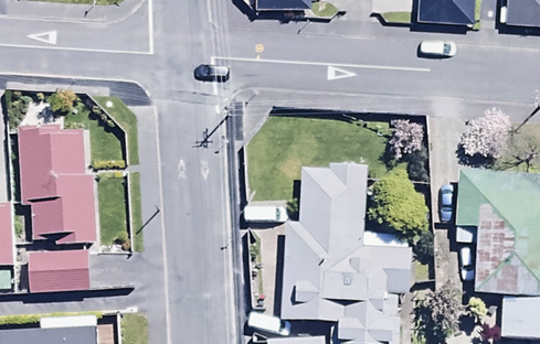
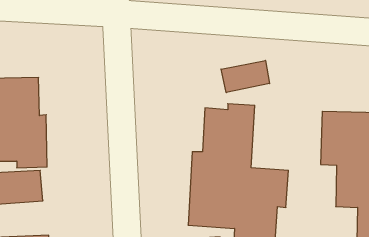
building: none -> [221,60,270,93]

